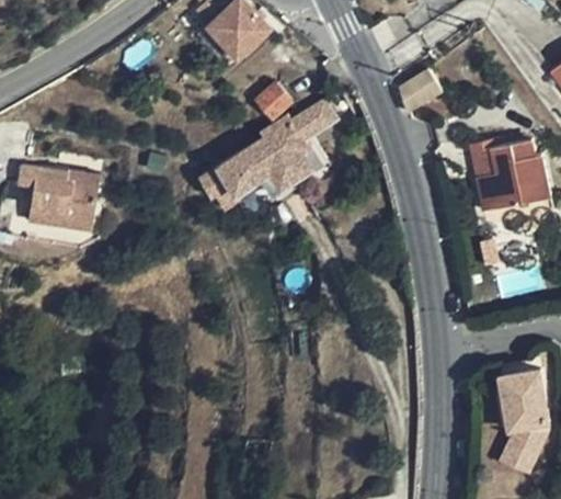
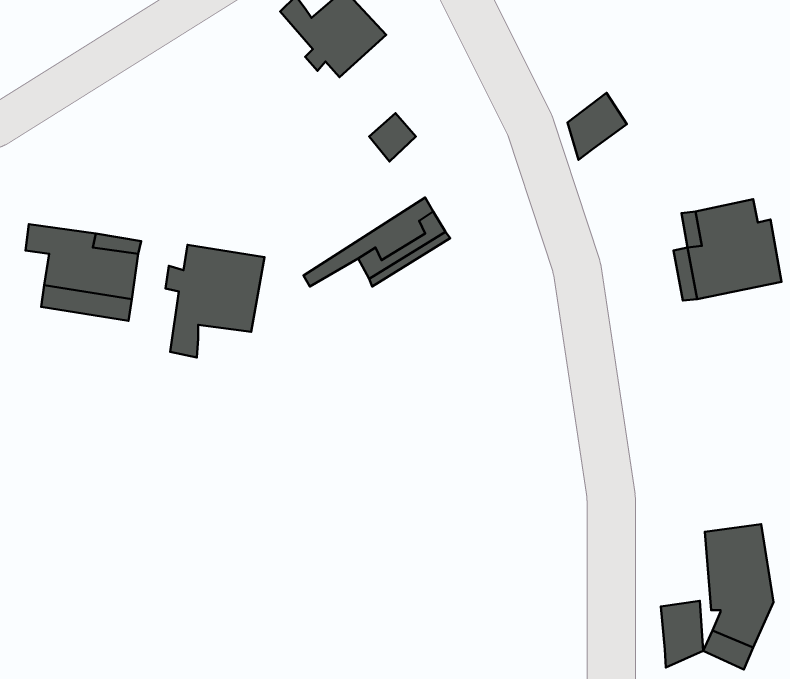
building: [204,101,334,196] -> none
building: none -> [165,245,264,358]
building: none -> [661,601,703,668]

